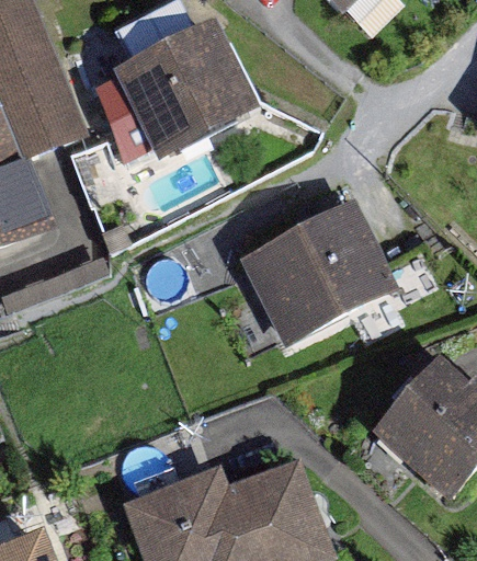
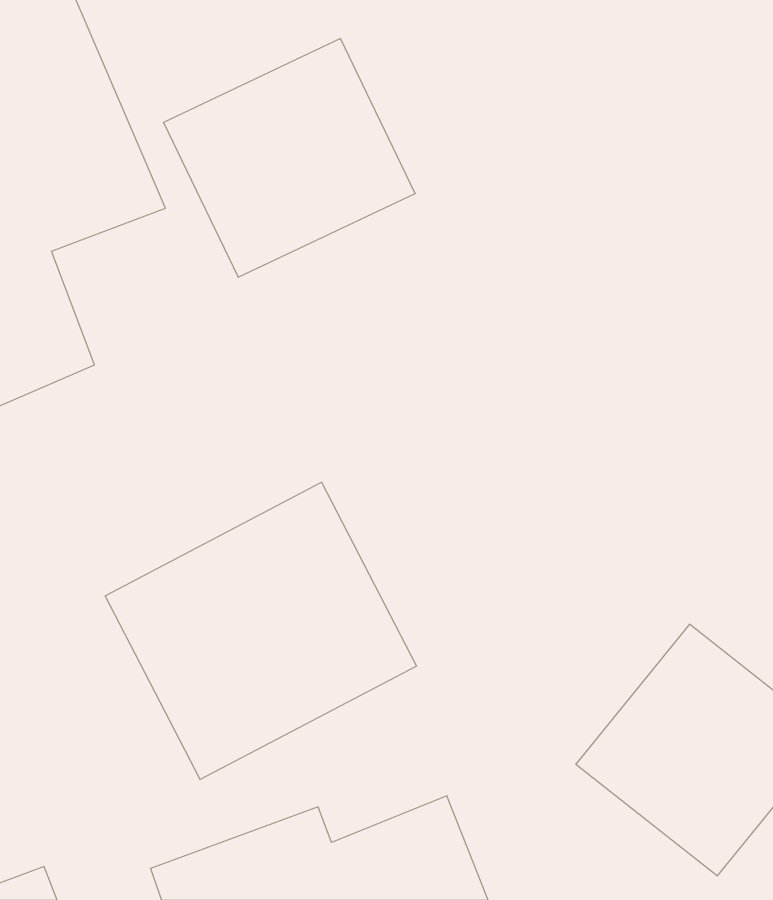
building: [219,219,379,368] -> none
building: none -> [105,482,416,780]

